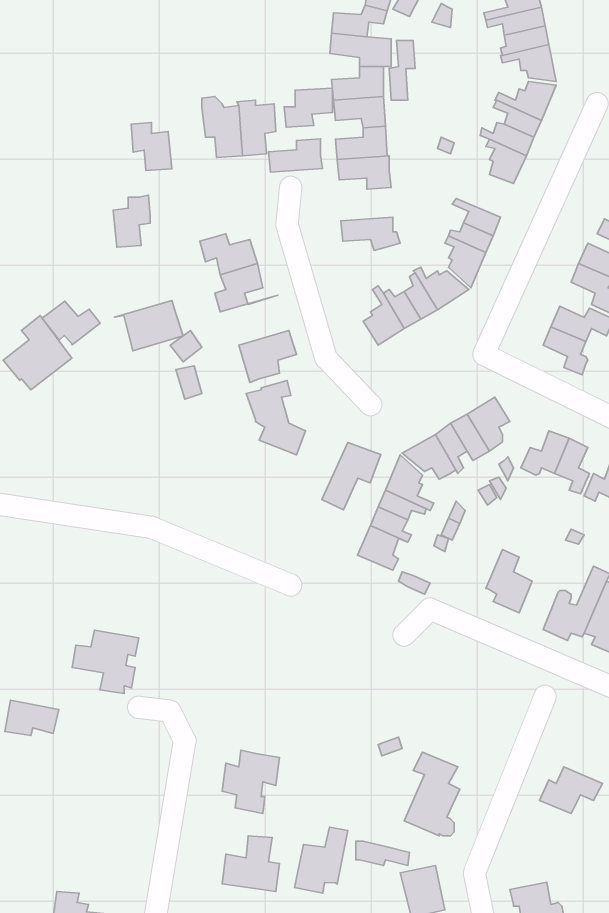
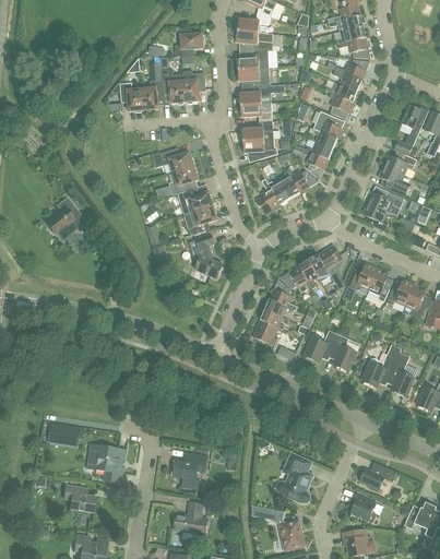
building: [284,88,332,127] -> [174,33,202,56]
building: [269,139,322,172] -> [241,120,273,140]
building: none -> [312,110,344,138]
building: [113,195,150,247] -> [141,79,163,109]
building: [114,301,183,351] -> [171,183,212,213]
building: [42,301,100,345] -> none
building: [322,443,381,510] -> none
building: none -> [304,330,337,361]
building: [72,630,139,693] -> [85,444,124,481]
building: none -> [62,484,95,511]
building: none -> [350,492,376,521]
building: [295,827,348,893] -> none

